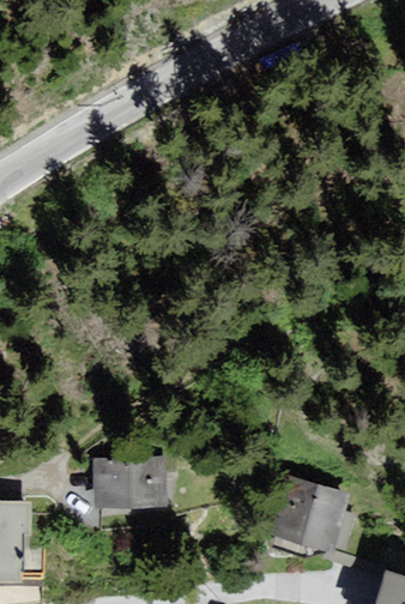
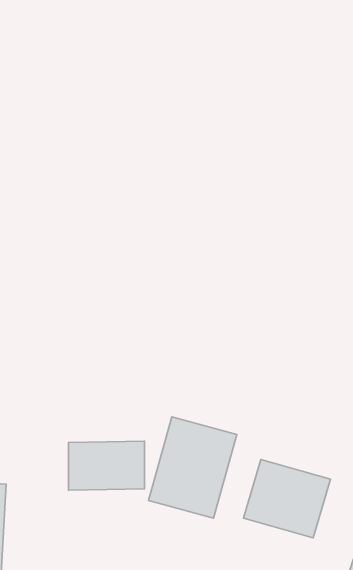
building: none -> [148,417,237,518]

